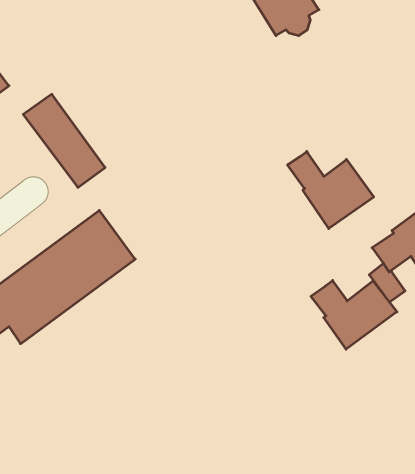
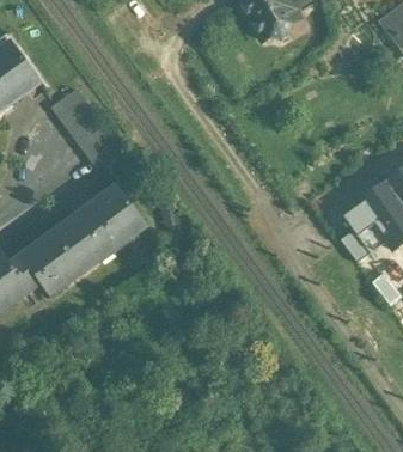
building: [288,151,374,229] -> none
building: [311,280,397,349] -> none

